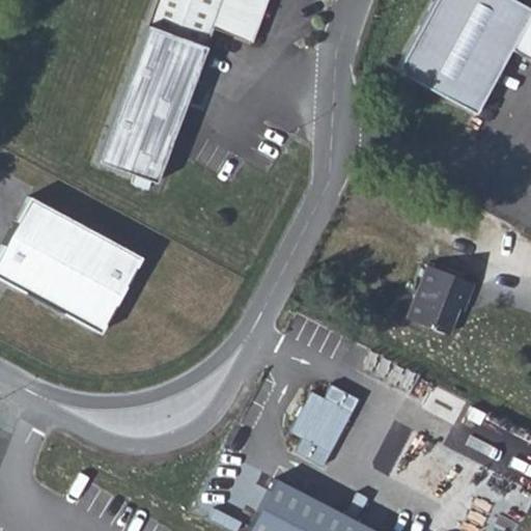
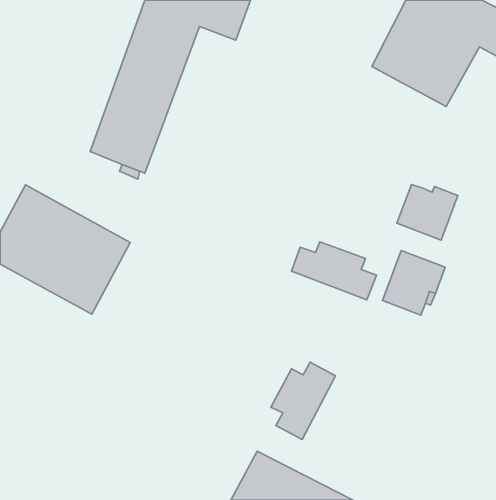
building: none -> [397,184,458,240]
building: none -> [291,242,376,300]

